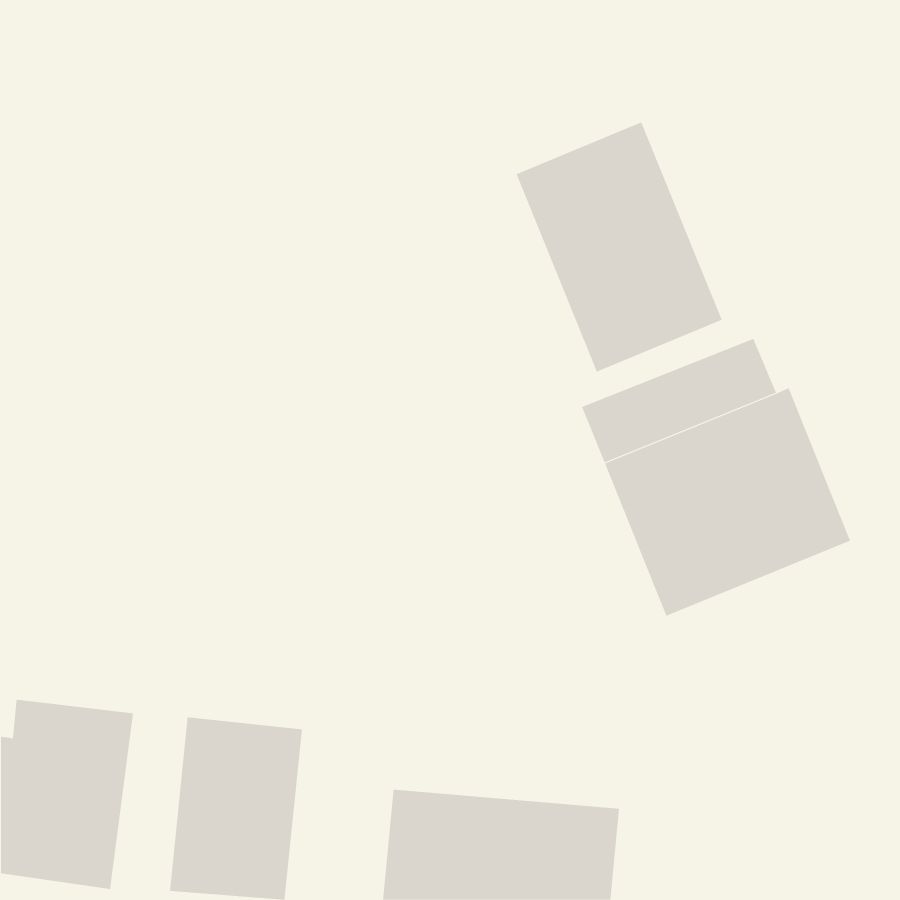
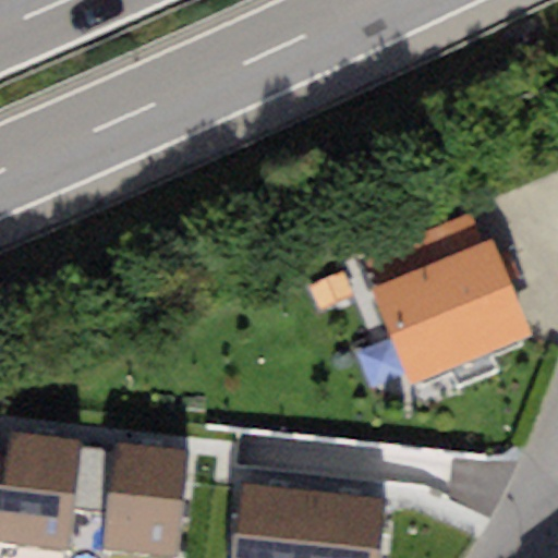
building: [516,121,722,372] -> none

